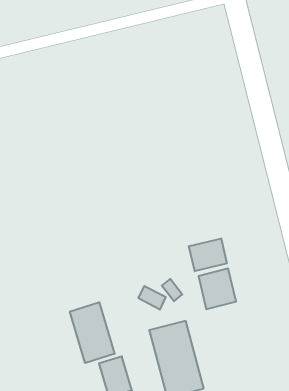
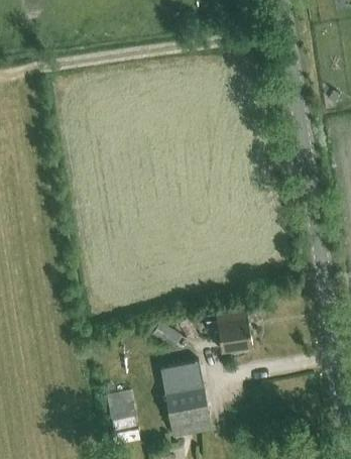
building: [189,238,227,271] -> none
building: [70,302,115,363] -> none

